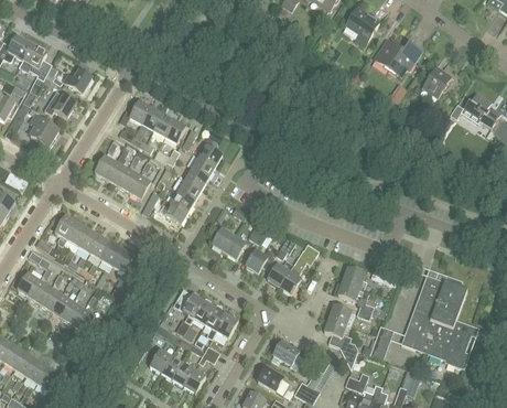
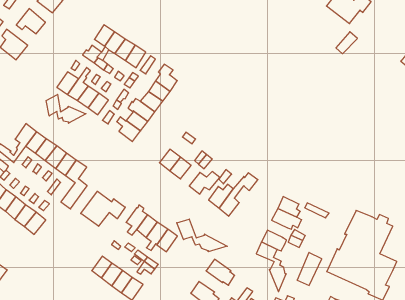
building: [420,63,451,96] -> none
building: none -> [46,94,86,123]
building: none -> [81,191,125,226]
building: none -> [177,219,227,252]

